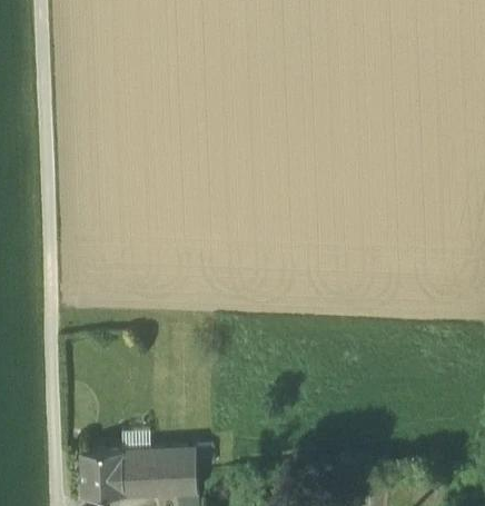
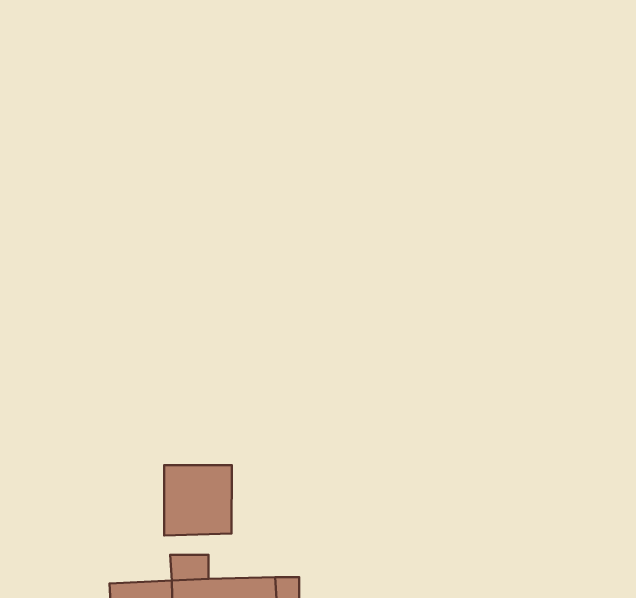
building: none -> [164,465,232,535]

